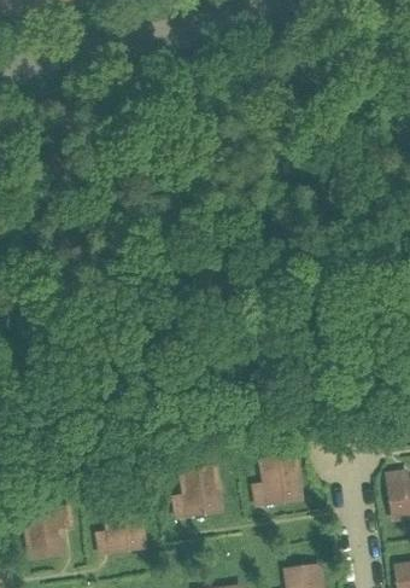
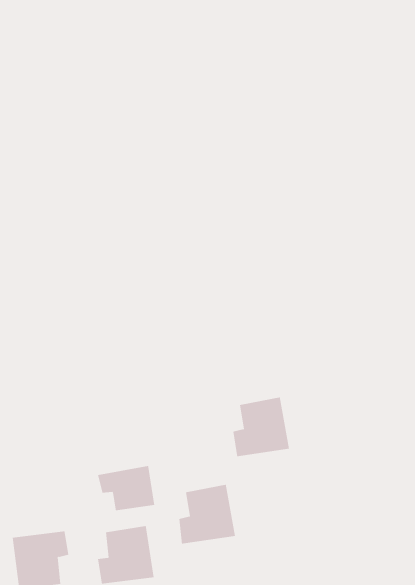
building: none -> [97,465,155,511]
building: [252,454,304,508] -> [232,397,290,457]

